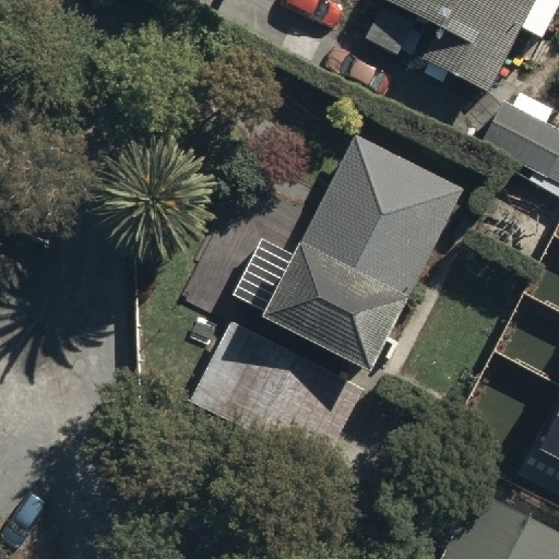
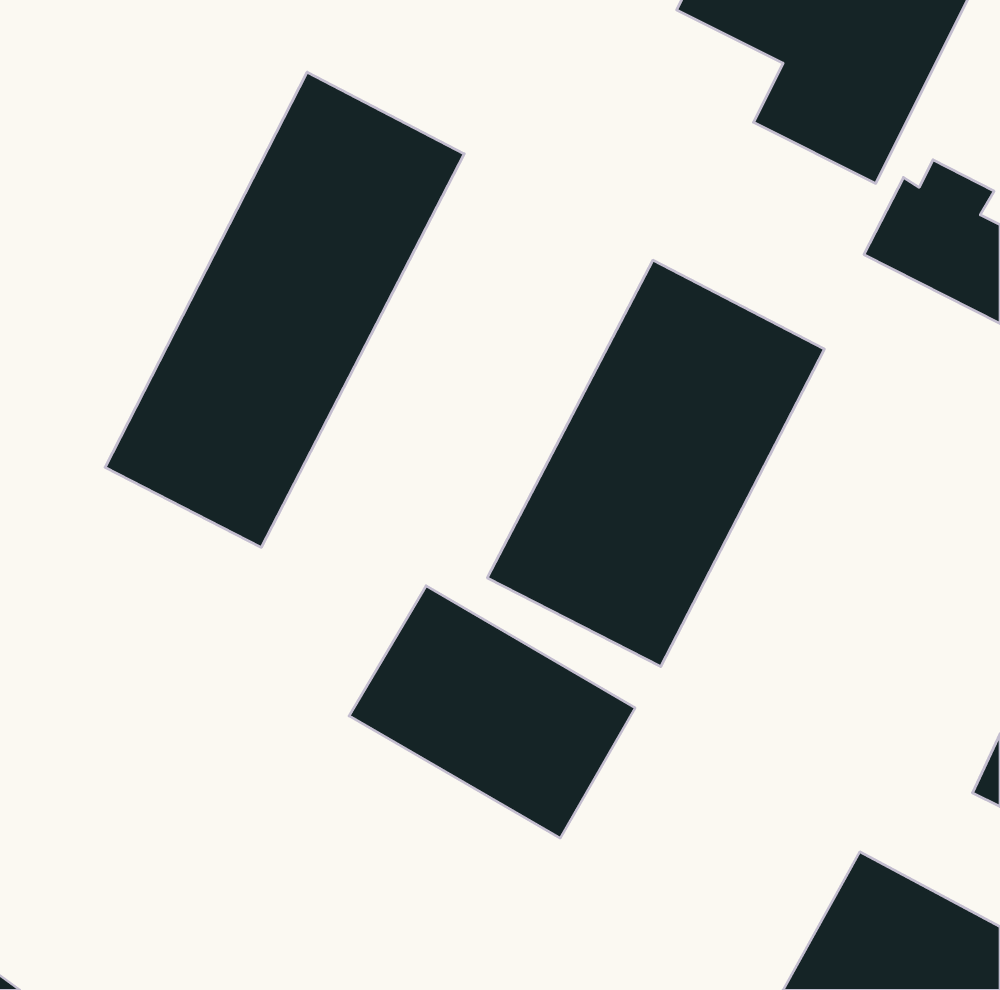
building: none -> [105,72,464,547]

